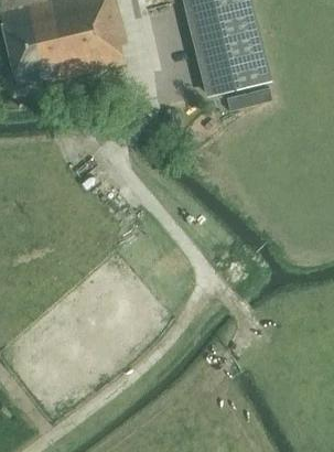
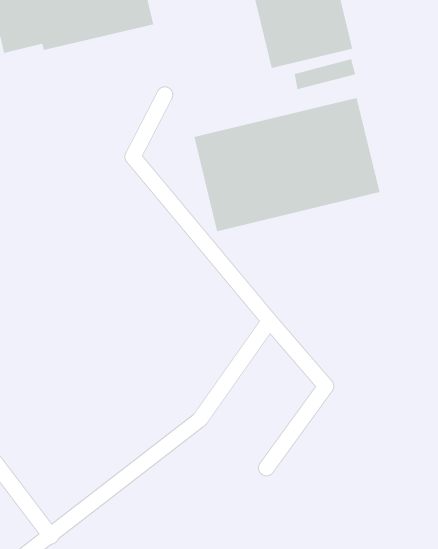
building: none -> [193,97,380,232]

